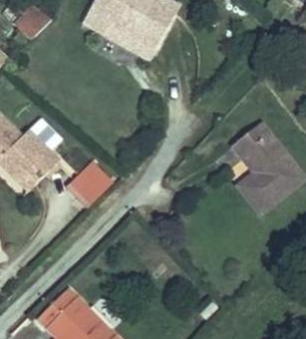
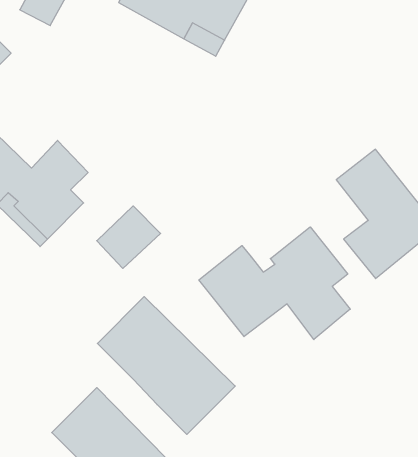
building: none -> [199,227,350,340]
building: none -> [97,297,235,434]

